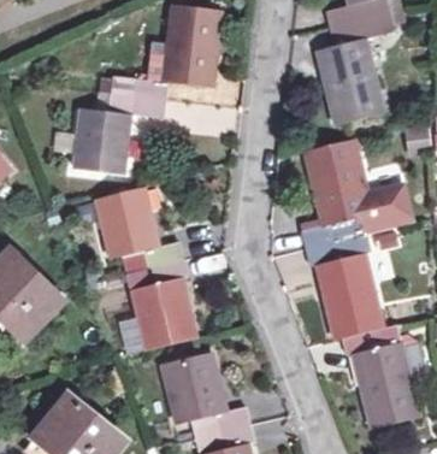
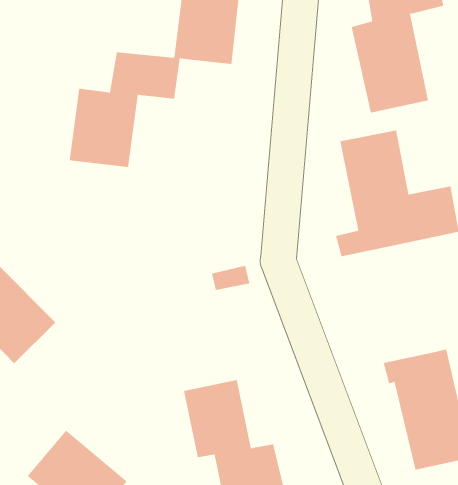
building: [96,182,197,348] -> none
building: [306,235,386,340] -> none

